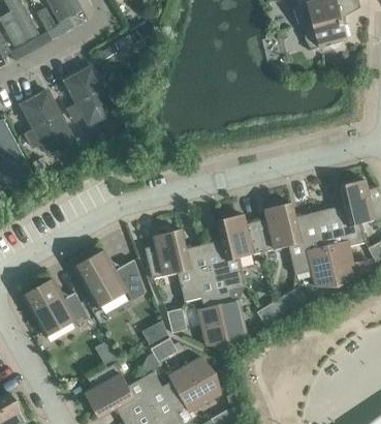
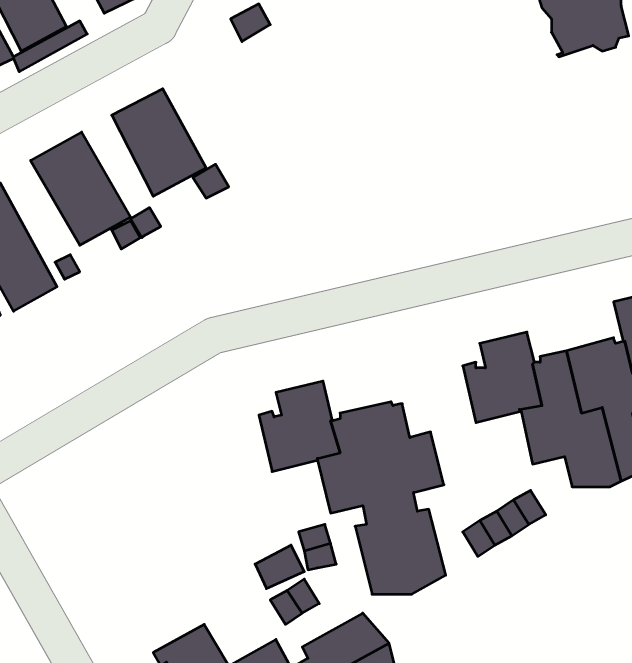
building: [217,214,263,261] -> none
building: [74,250,145,308] -> none
building: [23,279,89,336] -> none

